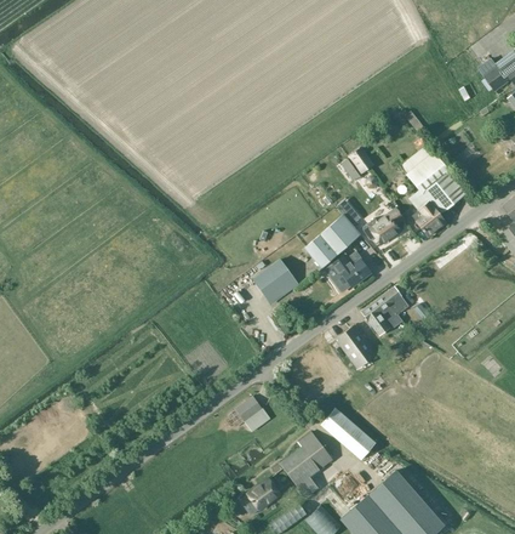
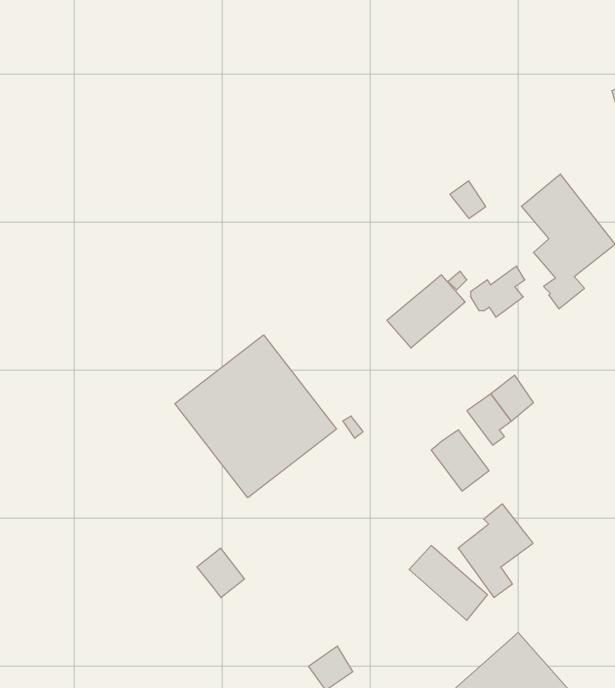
building: [332,252,370,285] -> none
building: none -> [175,335,336,498]
building: [253,259,294,299] -> none
building: [236,397,270,432] -> [197,548,245,598]
building: [280,432,333,499] -> [458,504,533,598]

